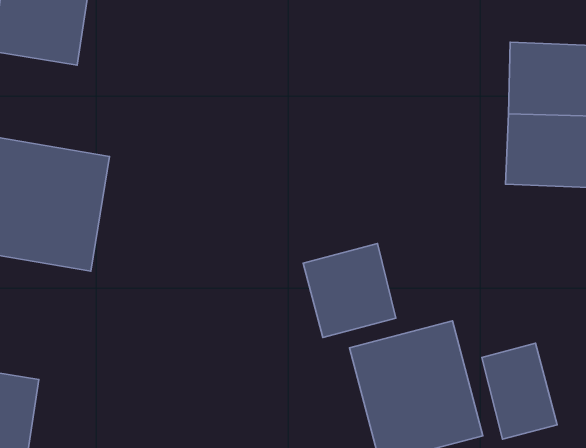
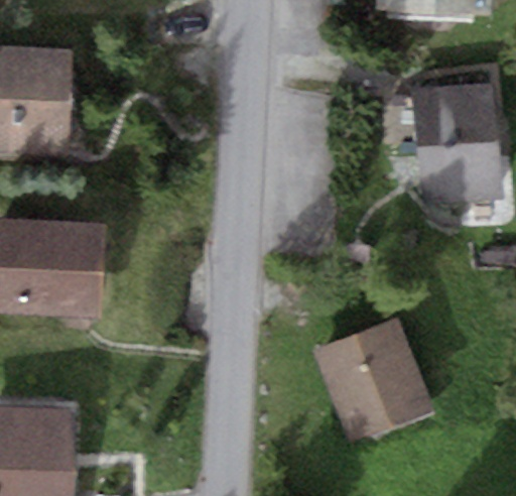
building: [303,243,396,337] -> none
building: [482,343,557,439] -> none

